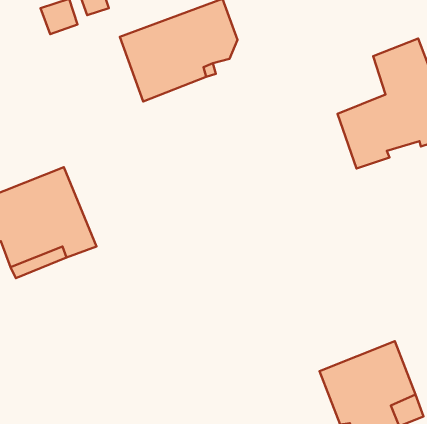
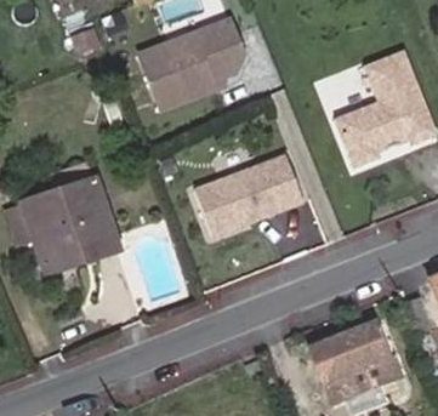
building: none -> [190,156,298,234]

